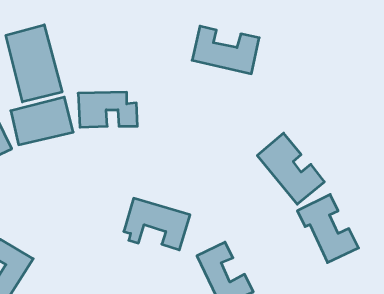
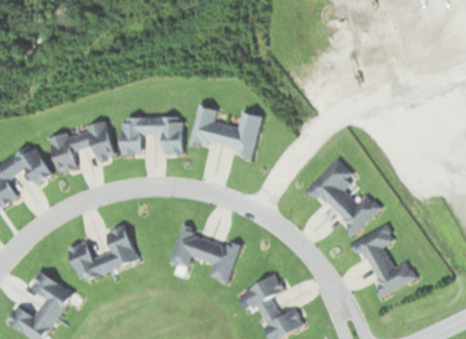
building: [6,25,62,102] -> none
building: [192,26,259,74] -> [190,103,261,154]
building: none -> [68,224,137,282]

